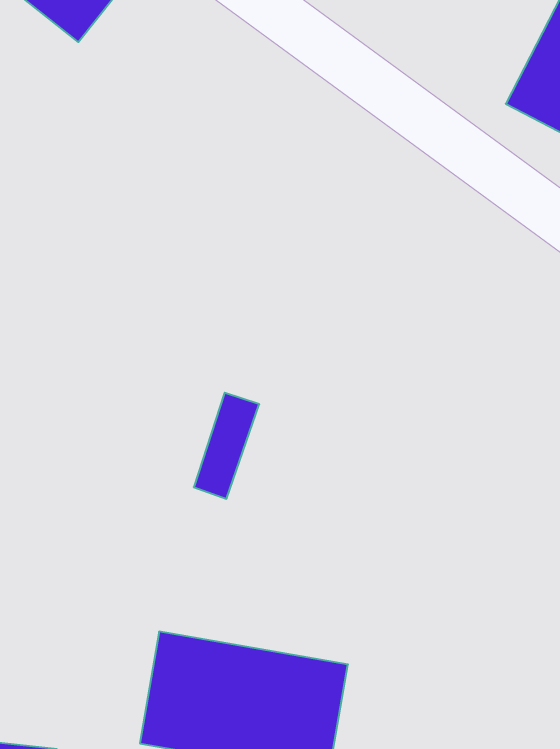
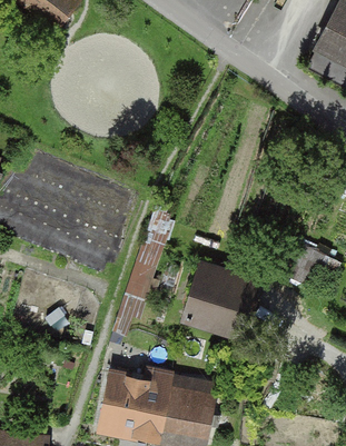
building: none -> [180,261,260,338]

